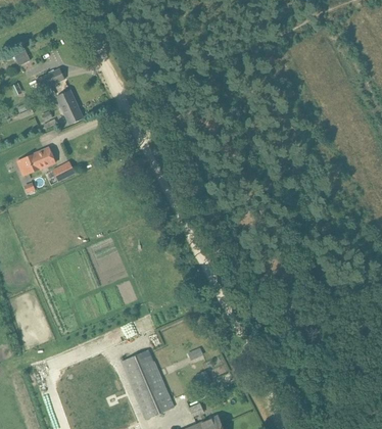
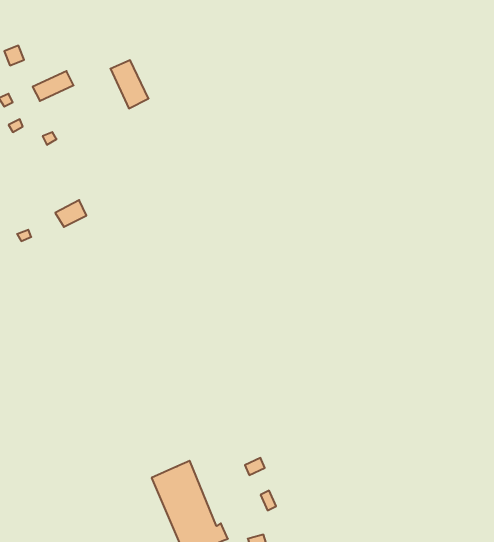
building: [55,90,83,125] -> [110,60,149,108]
building: [15,147,54,176] -> none

